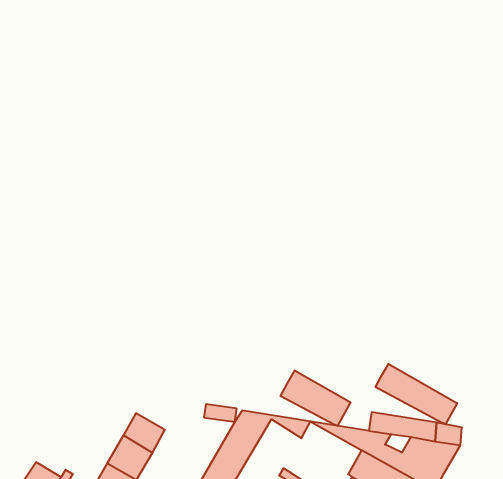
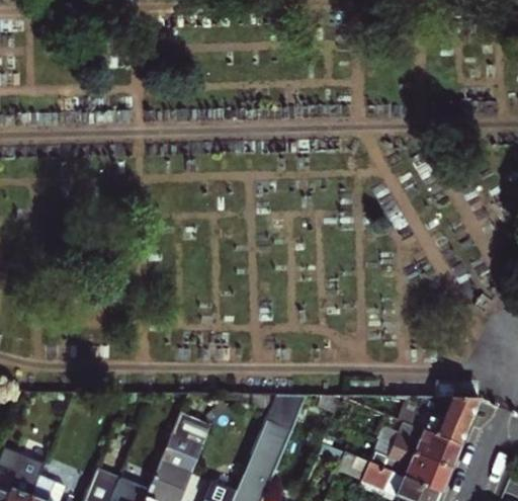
building: [376,364,457,424] -> none
building: [281,370,351,426] -> none

